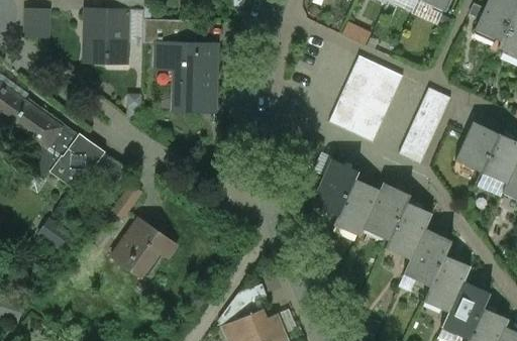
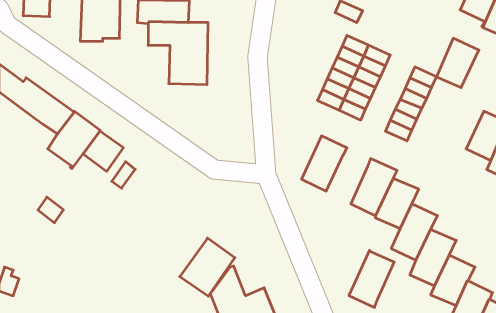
building: [455,121,499,172] -> [437,38,479,88]
building: [333,178,380,236] -> [349,250,394,307]
building: [111,218,168,277] -> [180,238,235,296]

